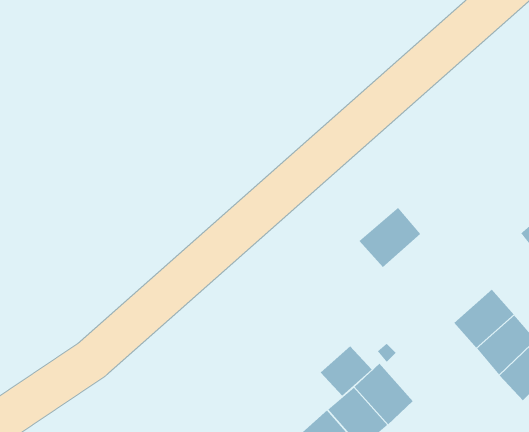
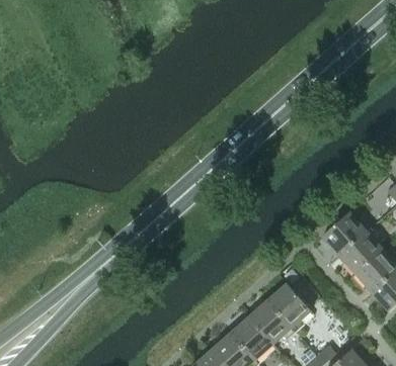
building: [359,207,421,268] -> [321,212,366,256]
building: [320,346,372,396] -> none

